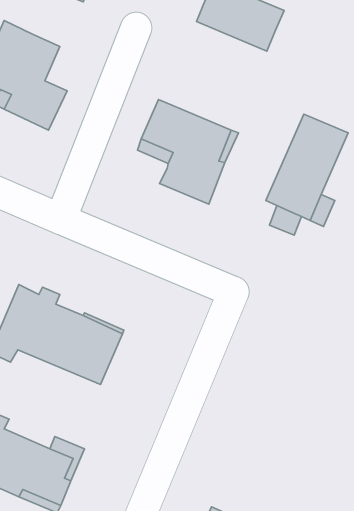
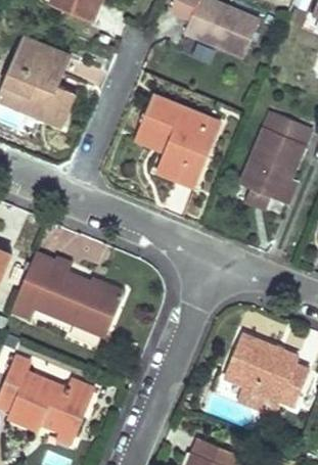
building: none -> [215,333,308,419]

